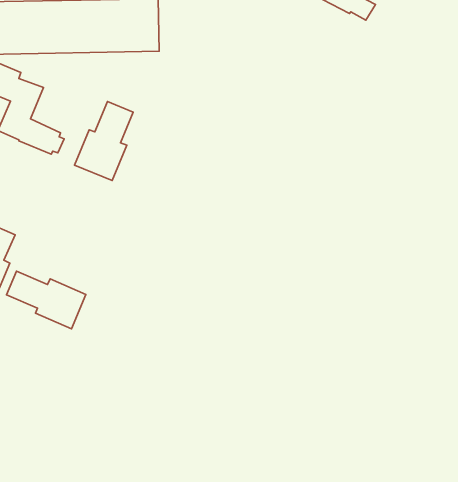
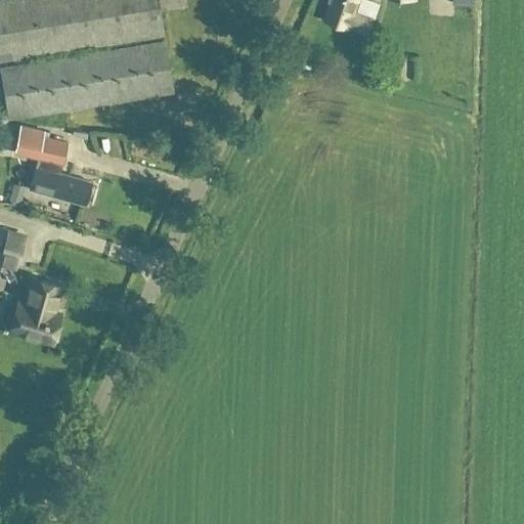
building: [75,101,133,180] -> none
building: [6,271,86,329] -> none

